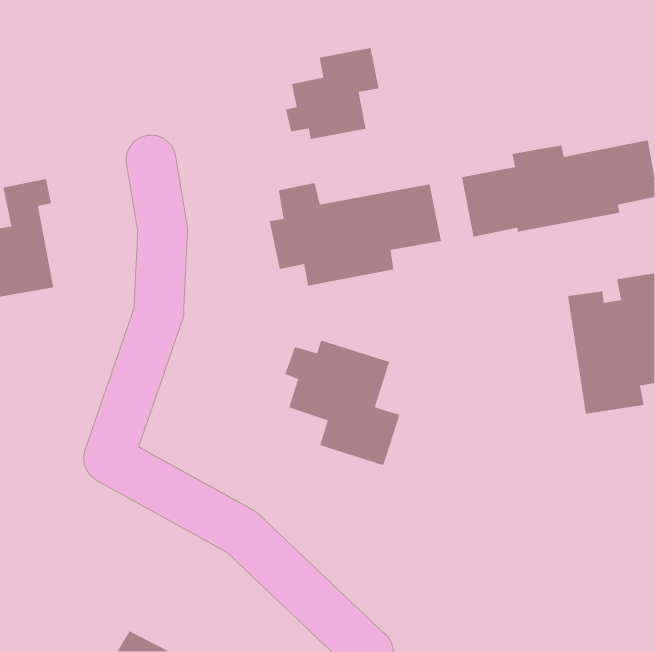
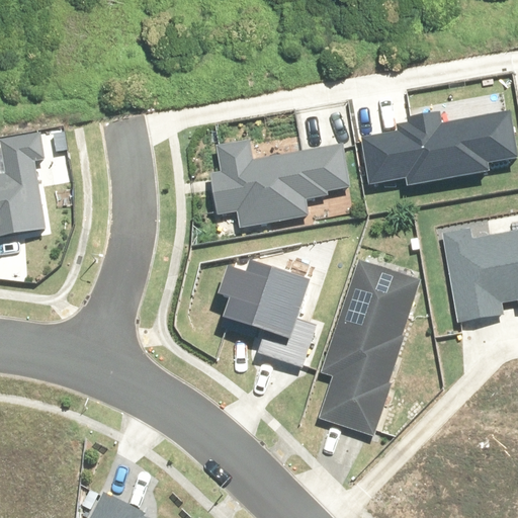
building: [285,47,379,140] -> none
building: none -> [319,256,426,434]

